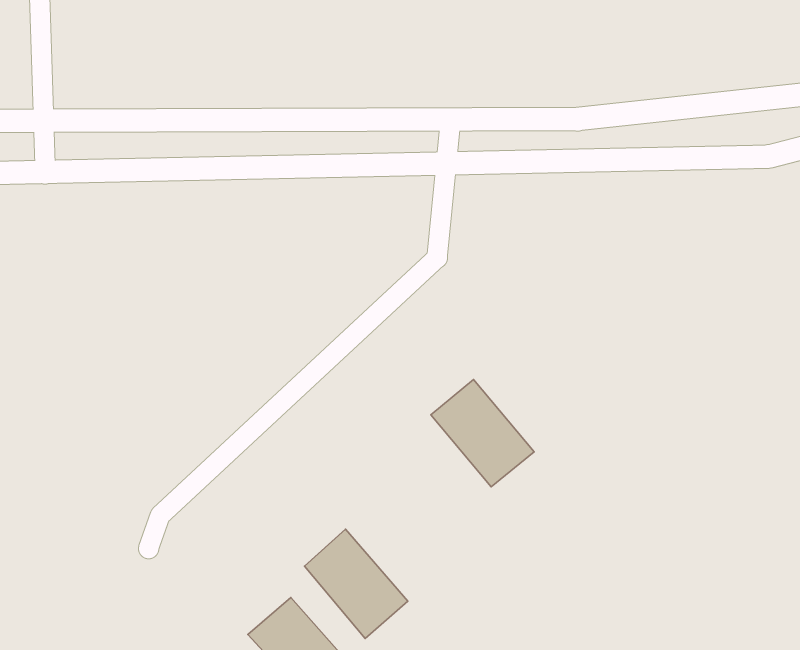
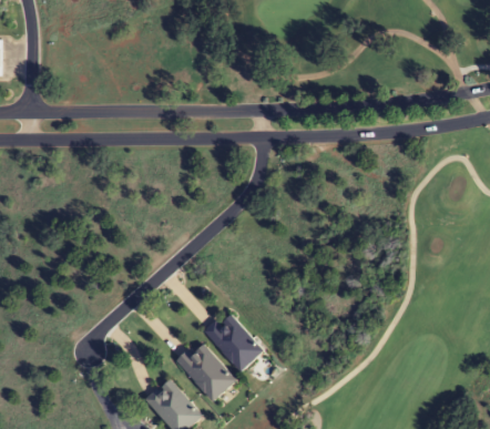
building: [431,380,534,487] -> [204,310,263,371]

